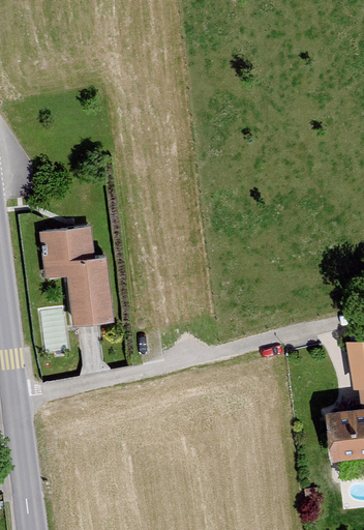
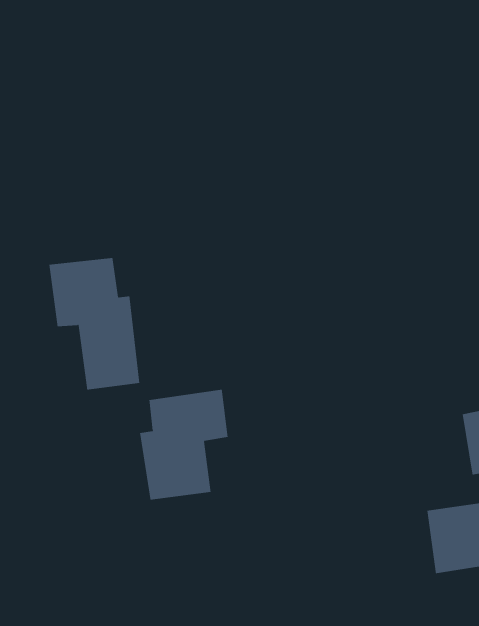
building: none -> [140,389,228,501]

